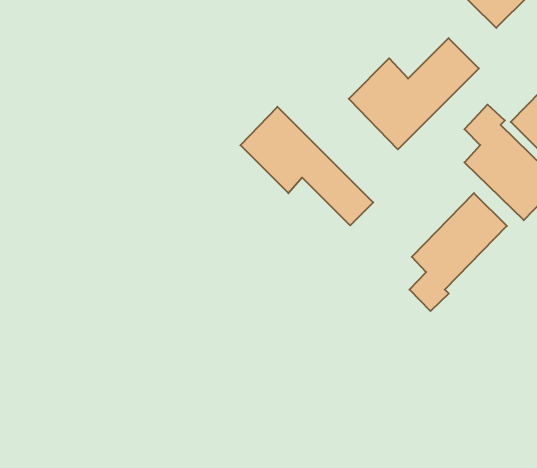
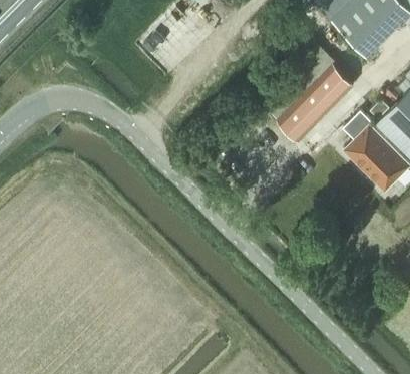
building: [240,107,373,225] -> none
building: [409,193,507,311] -> none

